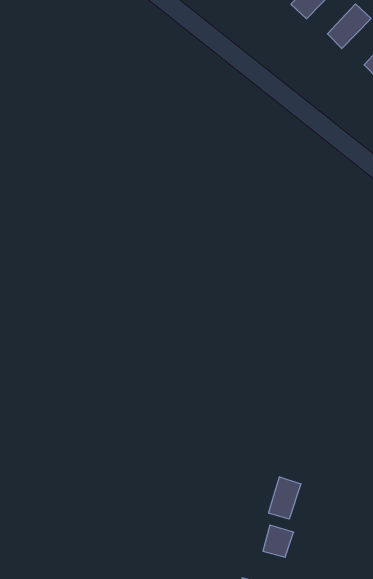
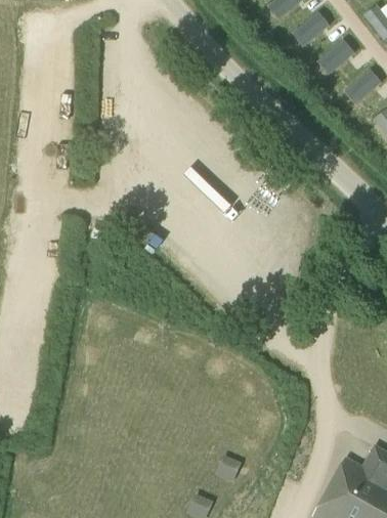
building: [268,477,301,519] -> none

